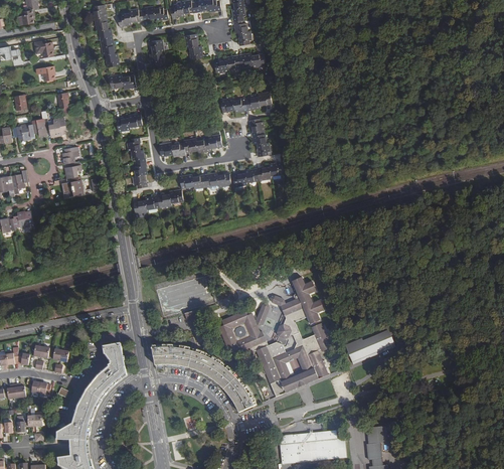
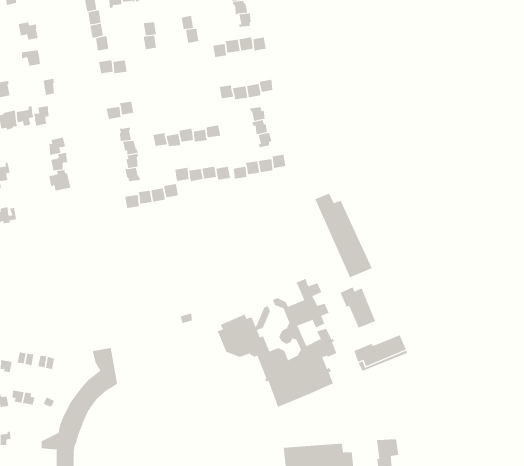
building: none -> [315,193,372,278]
building: none -> [340,287,376,329]
building: [152,344,258,413] -> none

